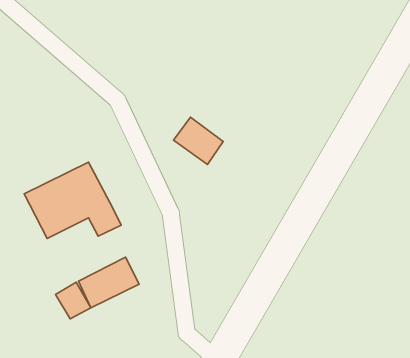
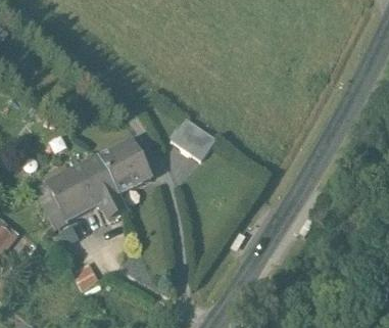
building: none -> [98,139,154,196]
building: [79,257,139,308] -> none

